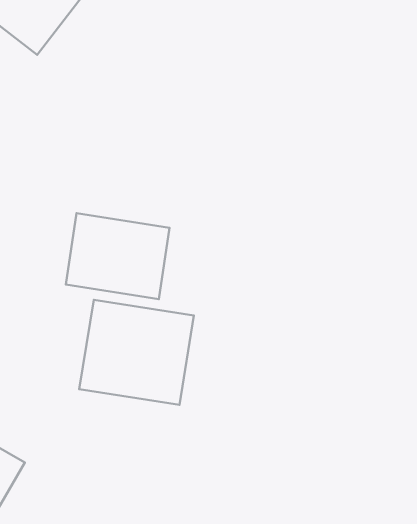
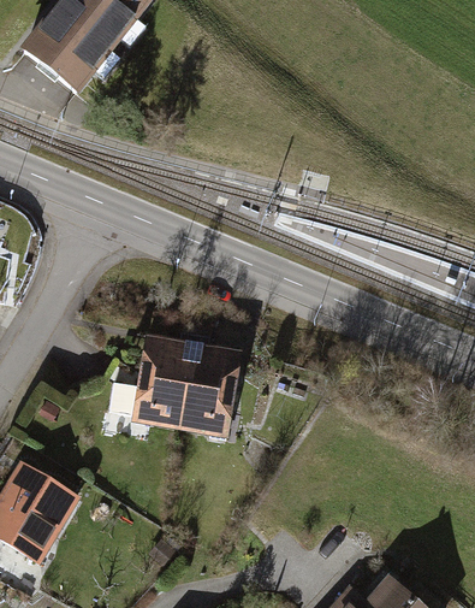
building: [66,213,169,299] -> none

